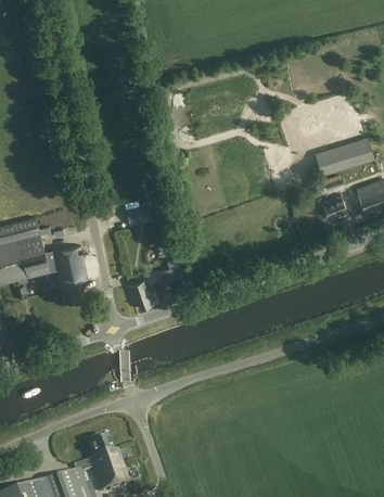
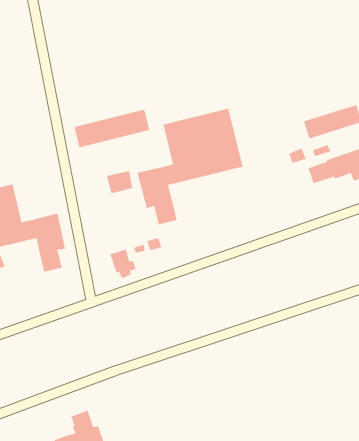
building: none -> [137,108,243,225]
building: none -> [74,109,150,148]

